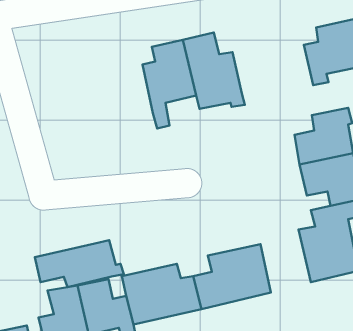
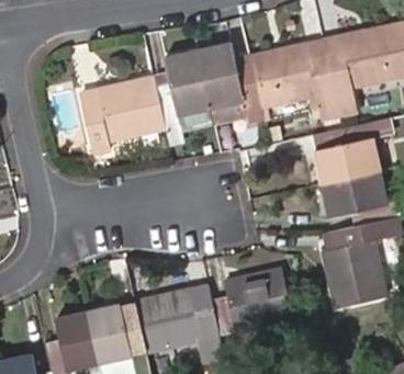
building: none -> [248,42,340,116]
building: none -> [85,76,166,143]
building: [35,240,124,287] -> none

